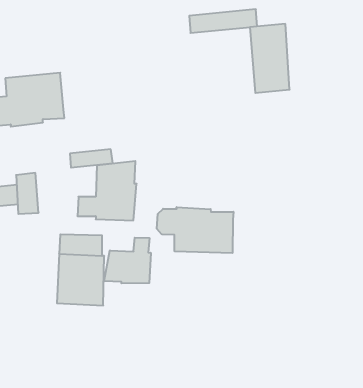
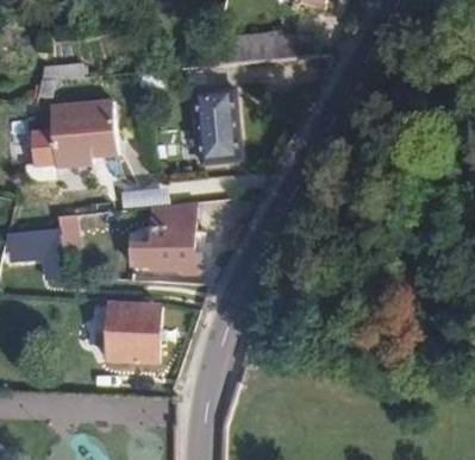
building: [250,24,290,93] -> [195,86,239,162]
building: [157,207,233,253] -> none
building: [104,238,151,283] -> none

